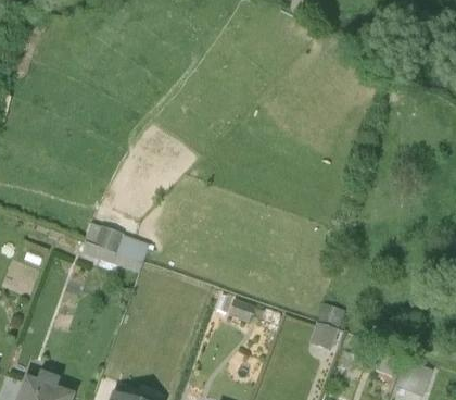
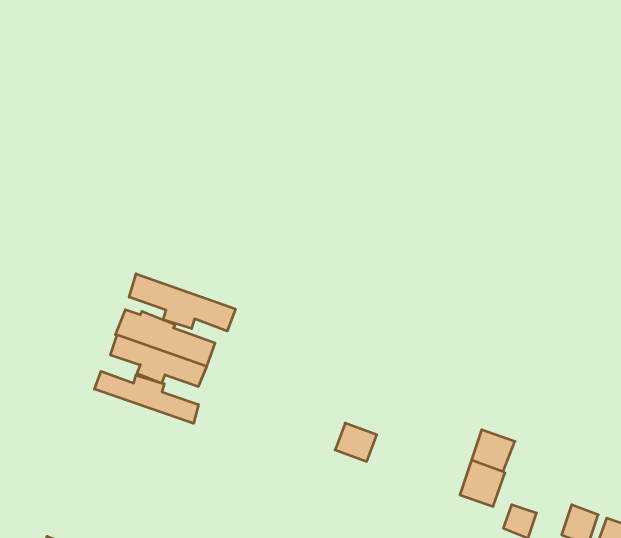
building: none -> [129,274,235,331]
building: none -> [94,371,198,423]

